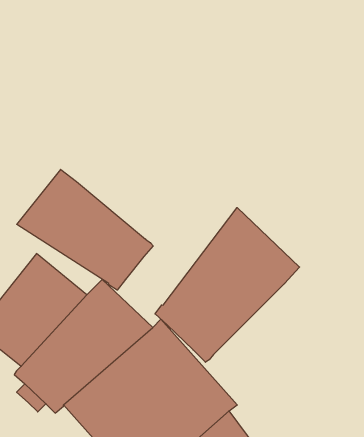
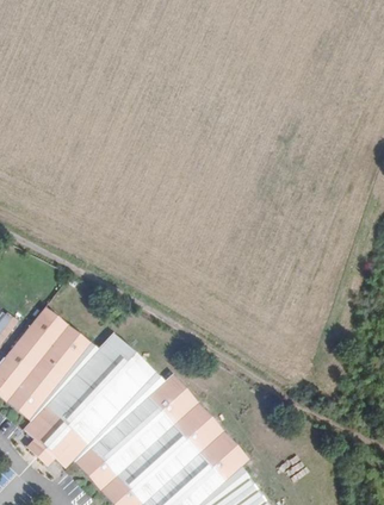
building: [17,169,153,290] -> none
building: [155,208,300,362] -> none

